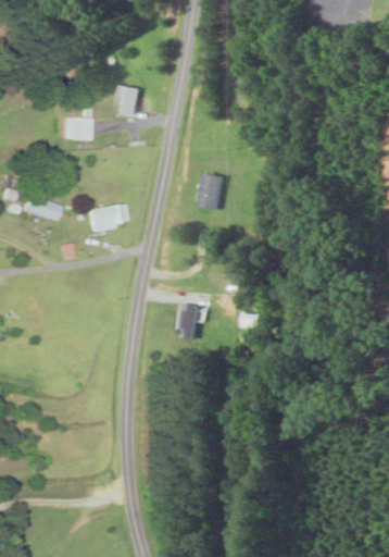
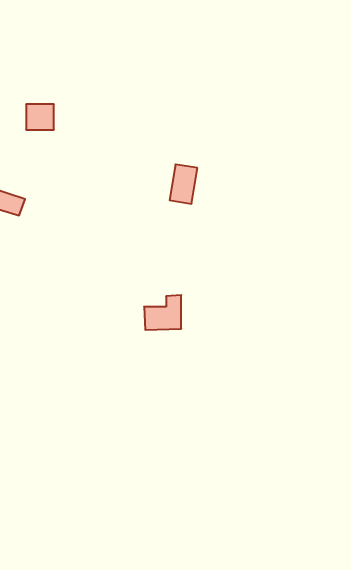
building: [116,84,142,119] -> none
building: [89,203,127,231] -> none

